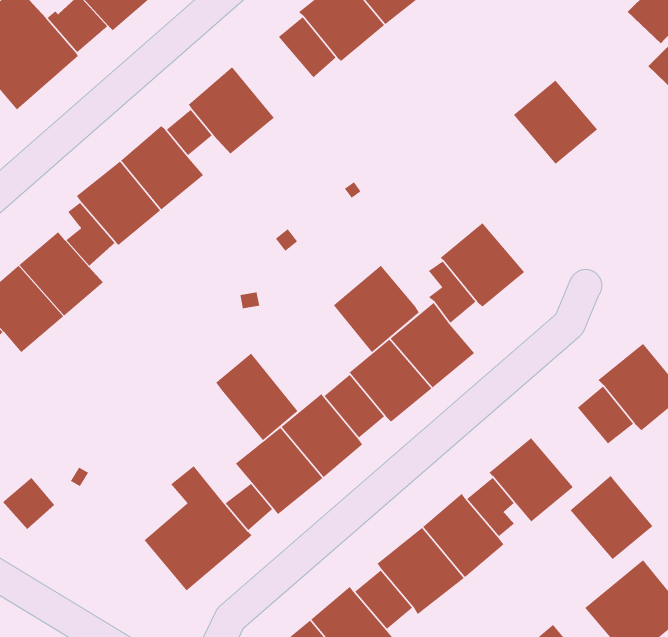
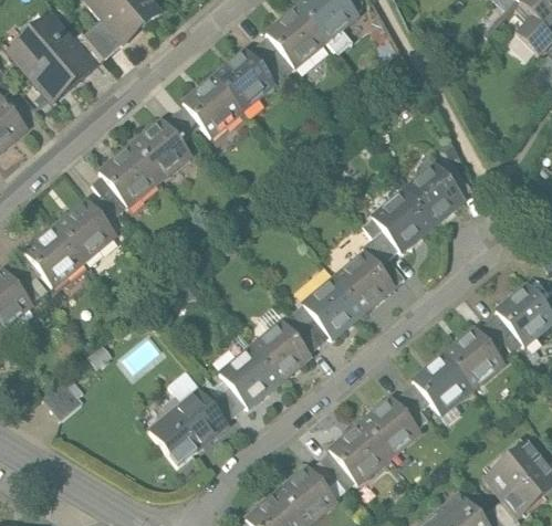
building: none -> [216,46,280,111]
building: [513,79,598,165] -> [404,162,468,227]
building: [333,265,420,353] -> none
building: [215,352,299,441] -> none
building: [570,475,654,560] -> [440,324,503,388]

